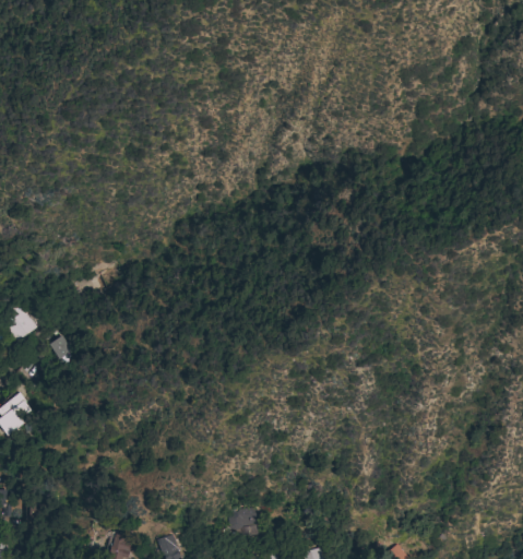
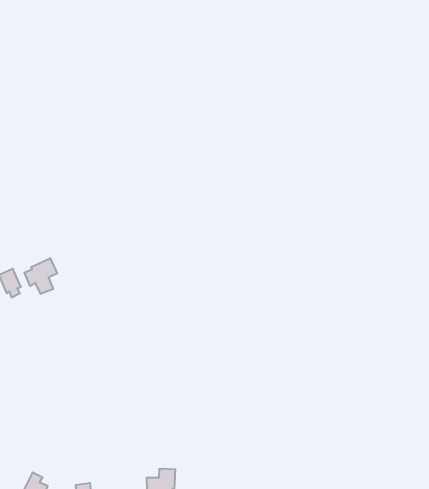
building: none -> [24,258,57,294]

